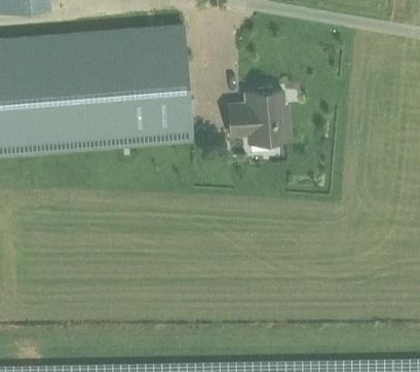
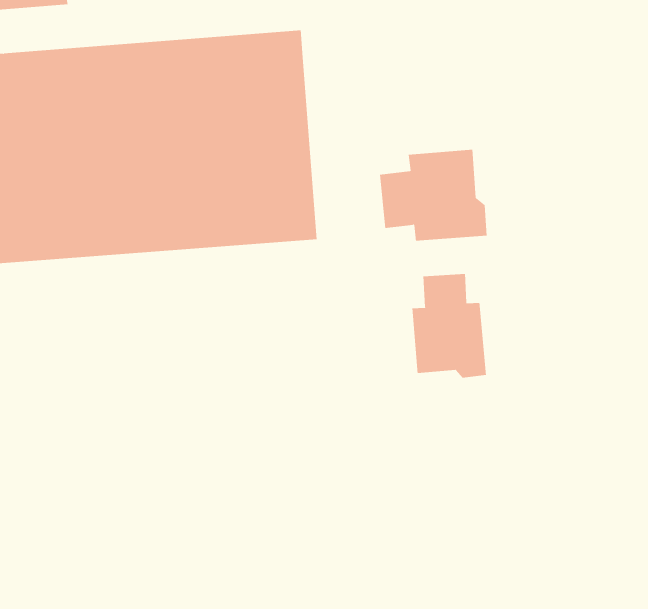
building: none -> [412,273,486,378]

